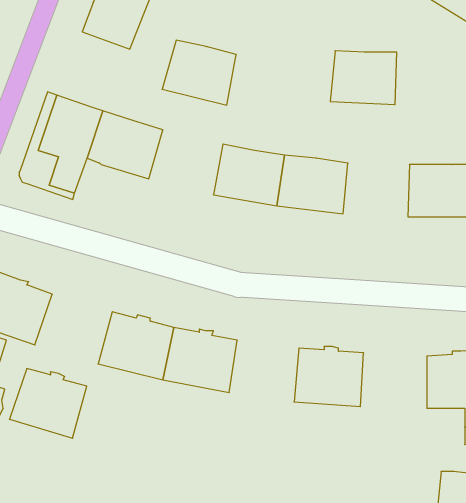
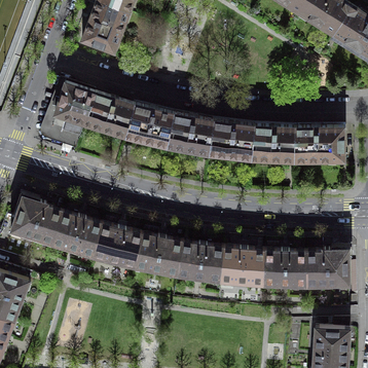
building: [162,40,236,105] -> [125,105,174,147]
building: [330,51,397,105] -> [252,126,295,161]
building: none -> [178,241,223,282]
building: none -> [263,249,306,286]
building: [9,369,87,438] -> [51,212,102,257]

